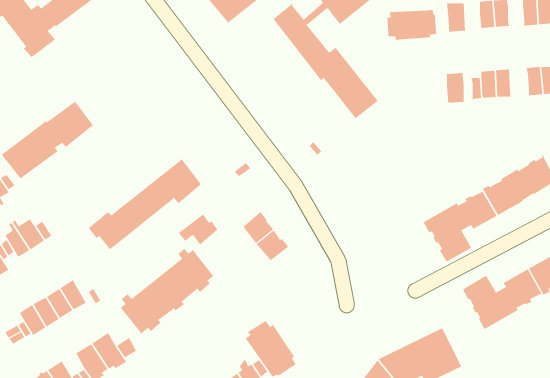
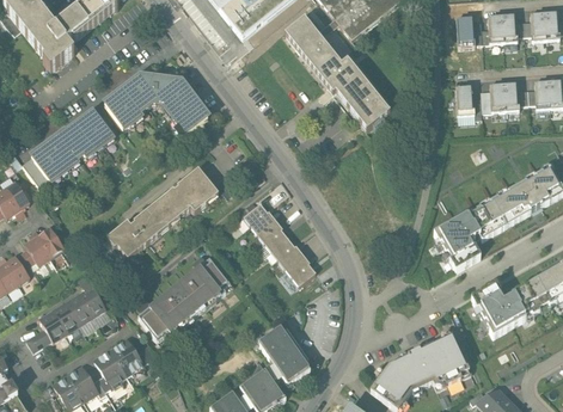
building: [387,9,437,40] -> none
building: none -> [104,76,208,136]
building: [178,214,218,245] -> [235,203,275,234]
building: none -> [284,253,316,285]

